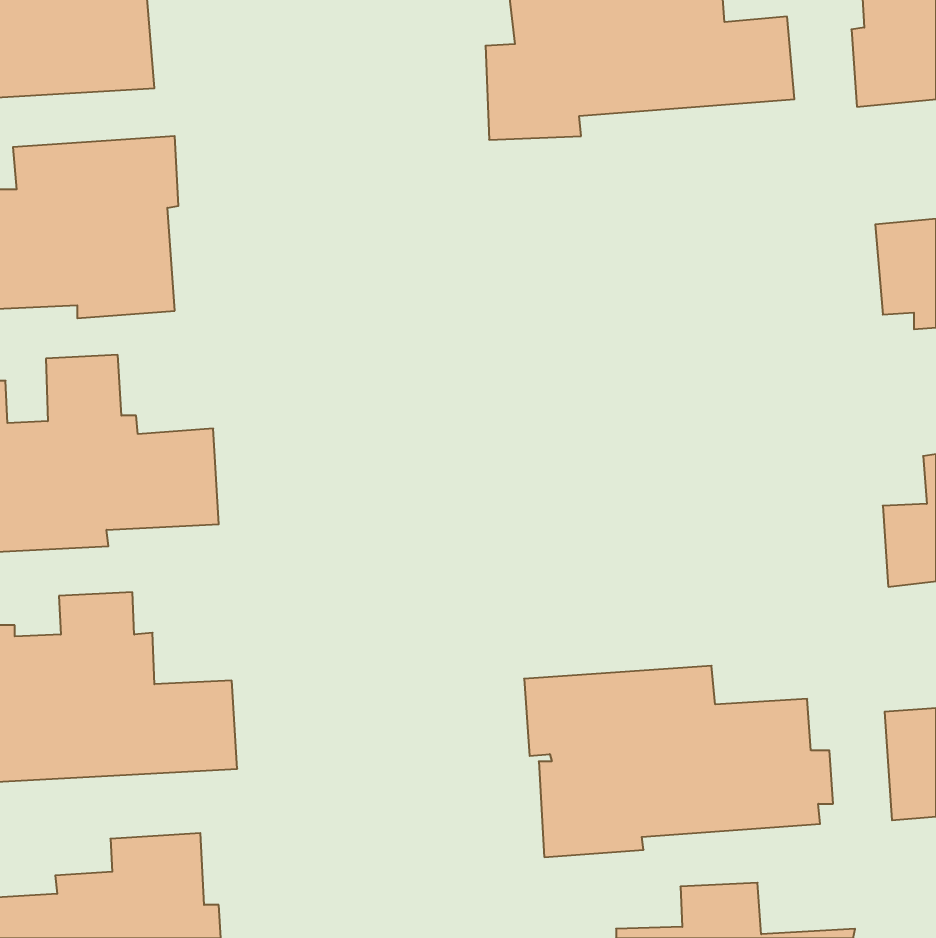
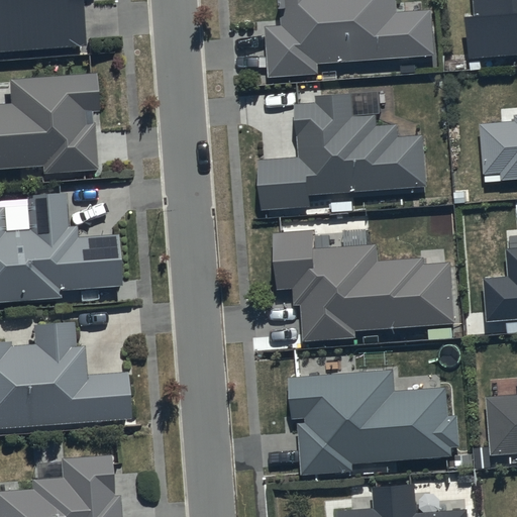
building: none -> [260,94,428,211]
building: none -> [275,230,457,341]

